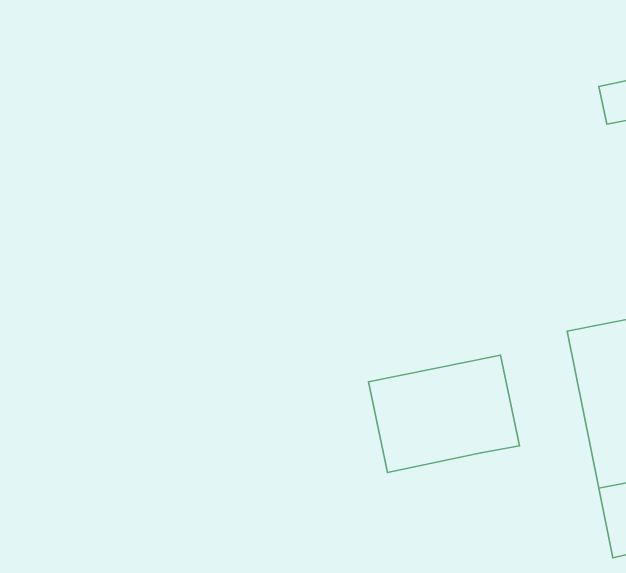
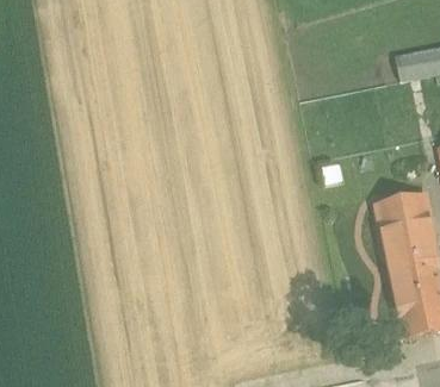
building: [369,355,520,473] -> none

